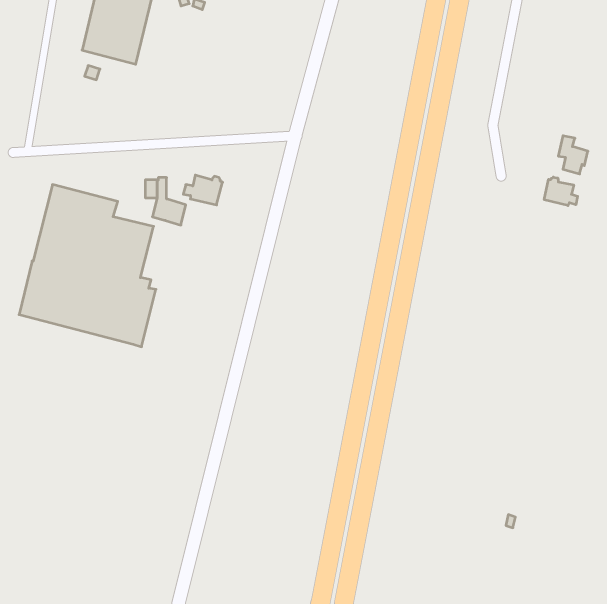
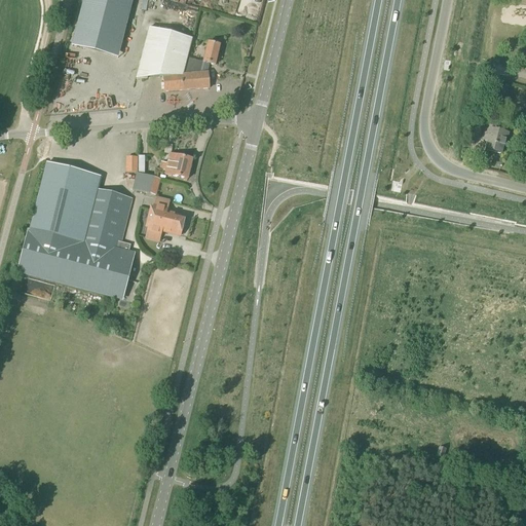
building: none -> [137,26,221,89]
building: [544,177,578,206] -> none
building: none -> [145,194,186,240]

